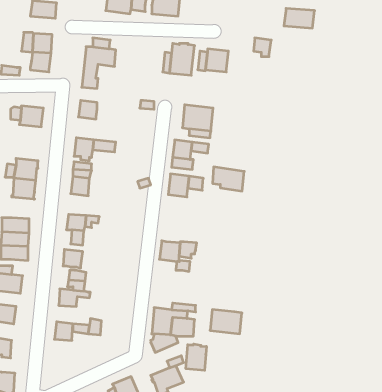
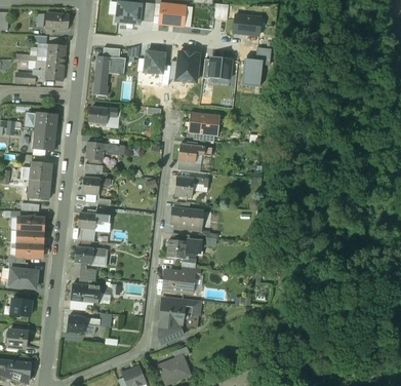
building: [284,8,315,28] -> [231,17,259,36]
building: none -> [144,51,164,74]
building: none -> [240,60,260,88]
building: none -> [33,129,54,150]
building: [213,167,244,191] -> [170,206,200,229]
building: [210,310,242,334] -> [163,269,193,292]
building: [186,344,206,370] -> none

